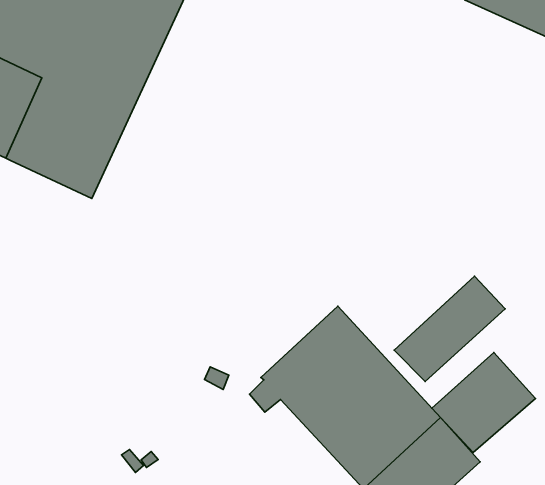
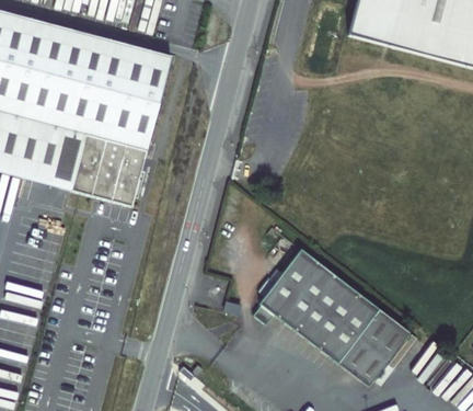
building: [394,276,505,382] -> none
building: [432,352,535,453] -> none

